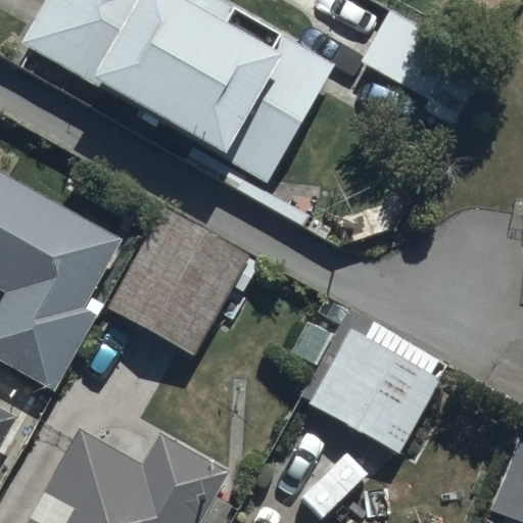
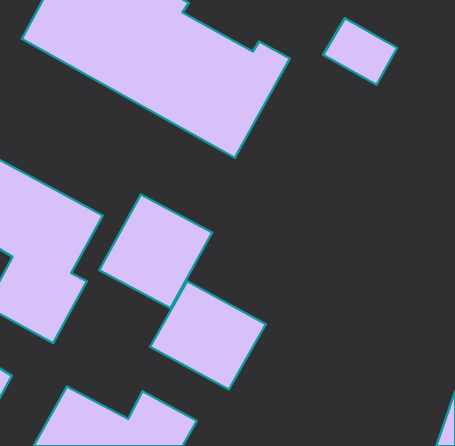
building: none -> [150,281,266,390]
building: [313,331,440,449] -> none

